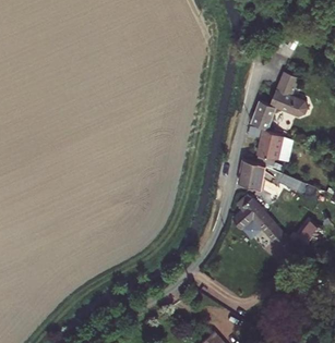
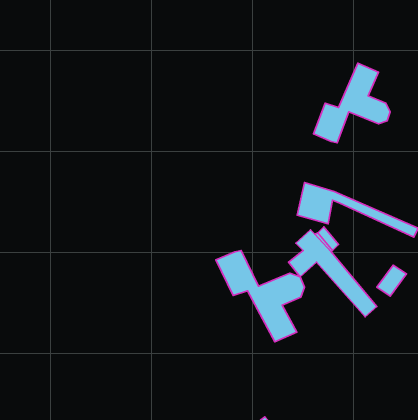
building: [259,130,284,160] -> none
building: none -> [216,250,305,342]

